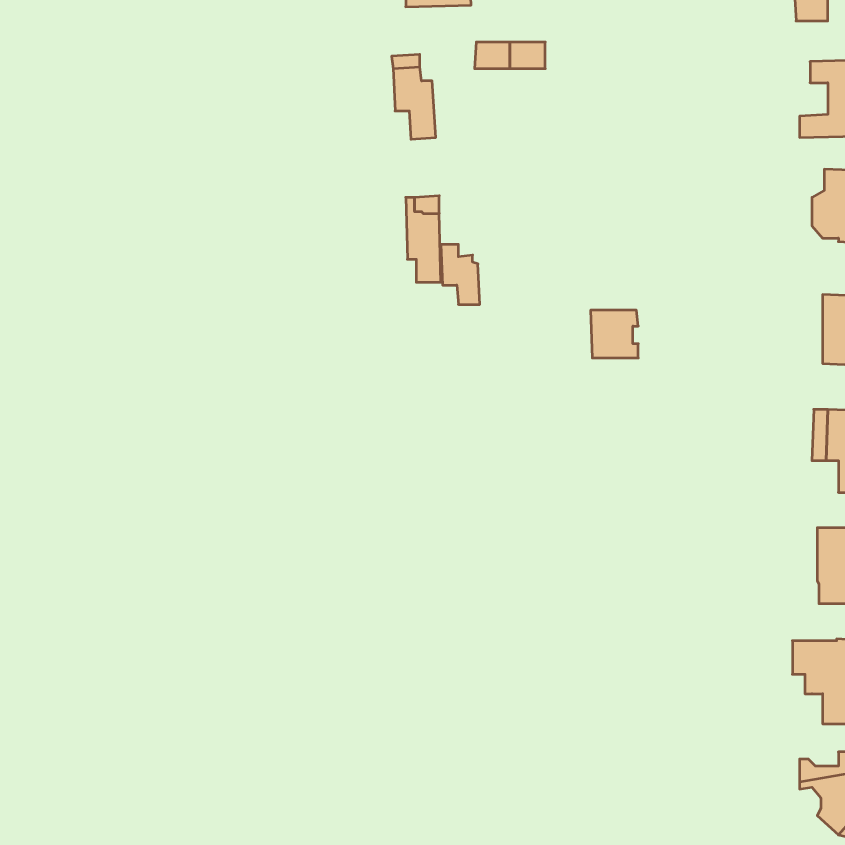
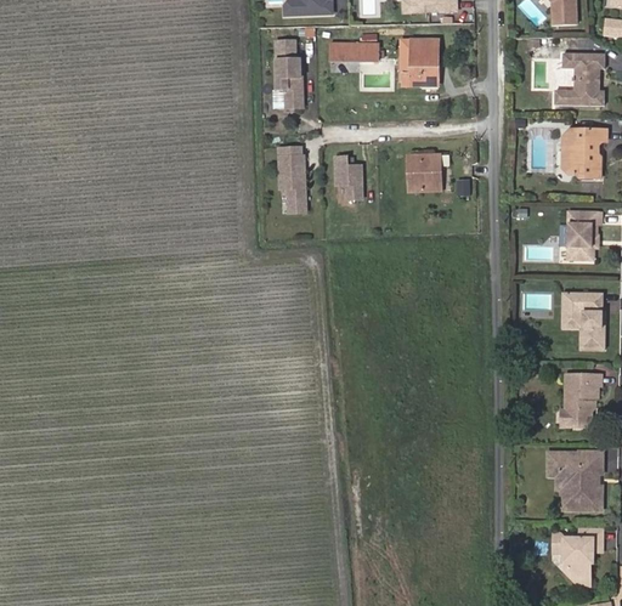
building: none -> [403,36,439,83]
building: [441,244,480,304] -> [333,153,360,194]
building: [591,310,638,358] -> [403,155,436,188]

